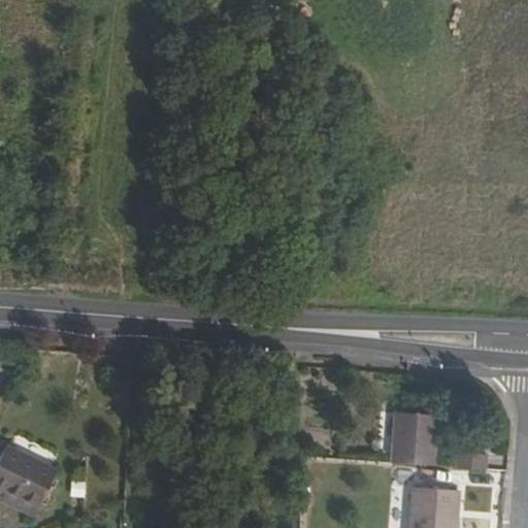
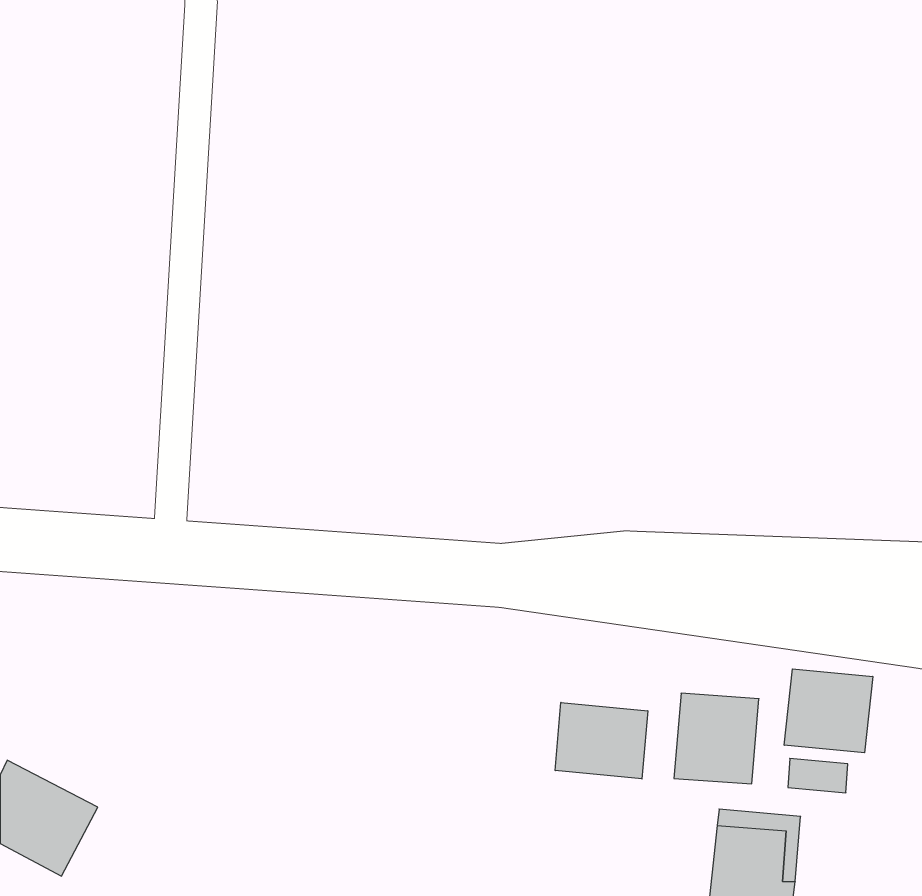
building: none -> [784,669,873,753]
building: none -> [555,702,648,779]

